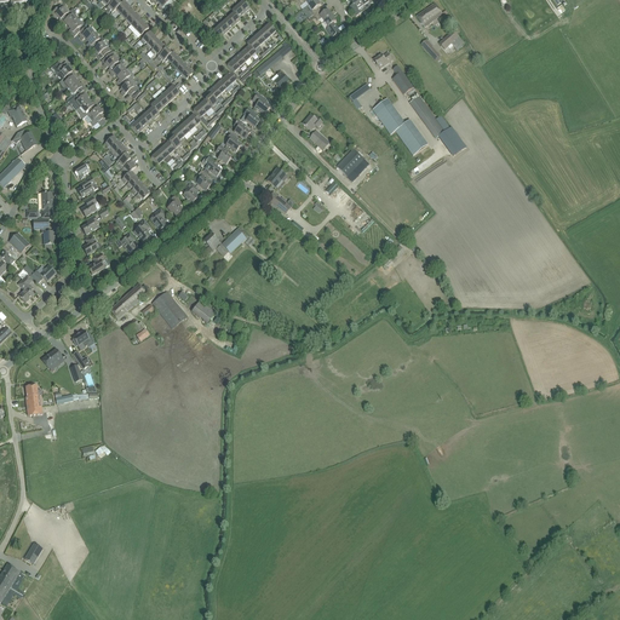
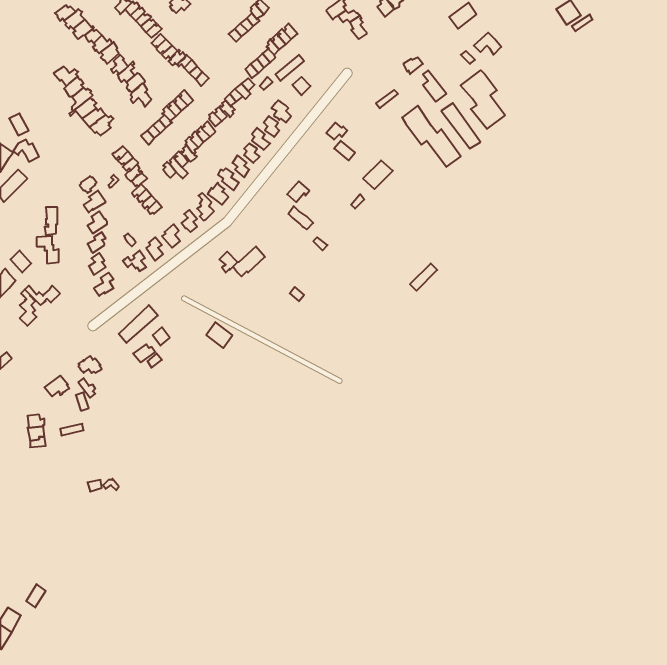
building: none -> [461,70,505,129]
building: [153,292,188,329] -> none

